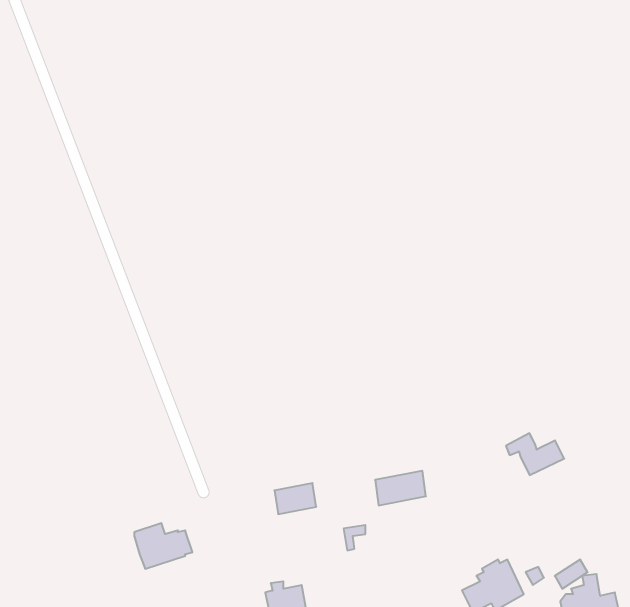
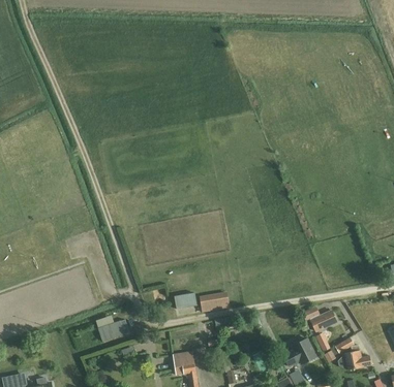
building: [506,433,564,475] -> [303,307,336,330]
building: [375,471,426,505] -> [200,292,229,312]

